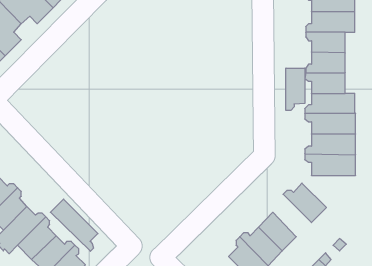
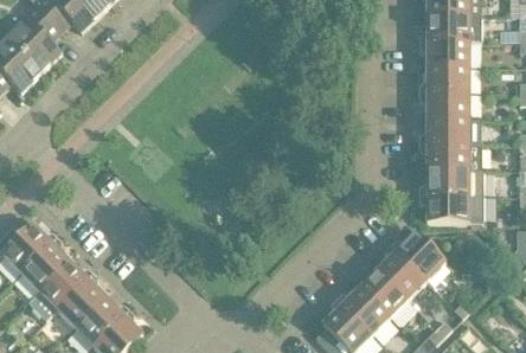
building: [286,68,305,110] -> none
building: none -> [378,245,426,299]
building: [50,199,98,251] -> none

